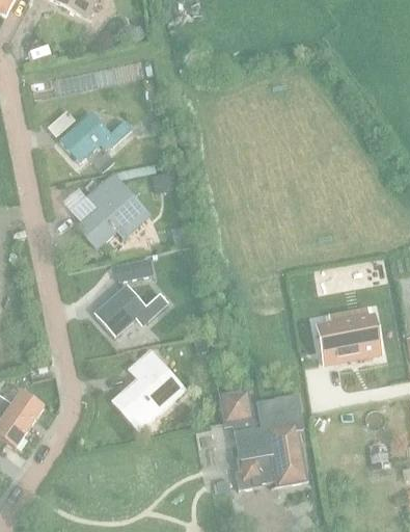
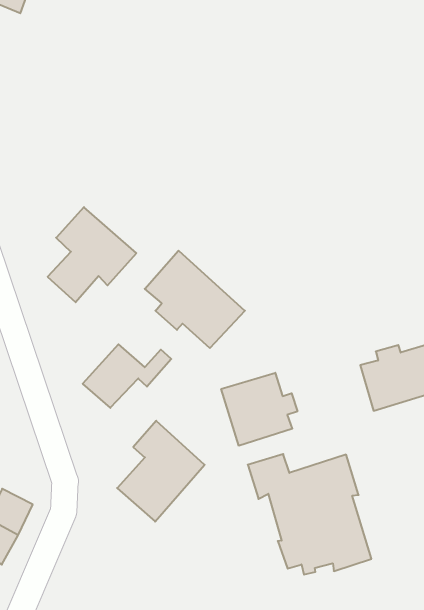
building: [59,111,131,161] -> none
building: none -> [145,251,245,348]
building: none -> [221,373,297,446]

